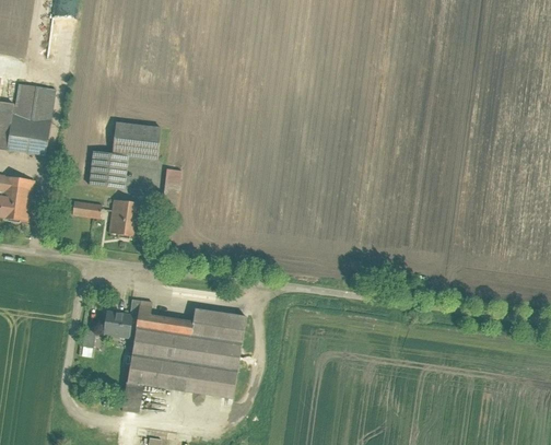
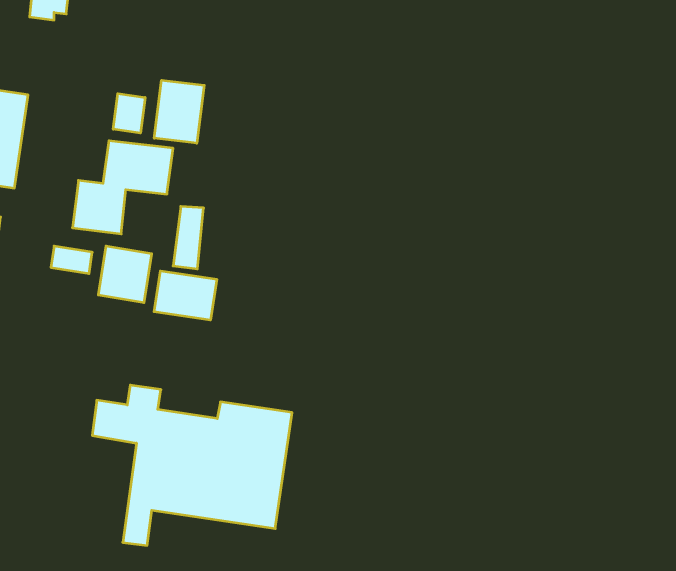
building: none -> [154,80,204,143]
building: none -> [113,94,145,133]
building: none -> [154,271,217,320]

